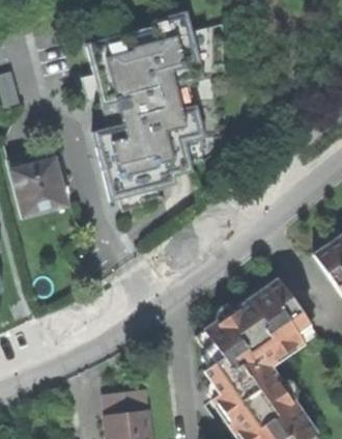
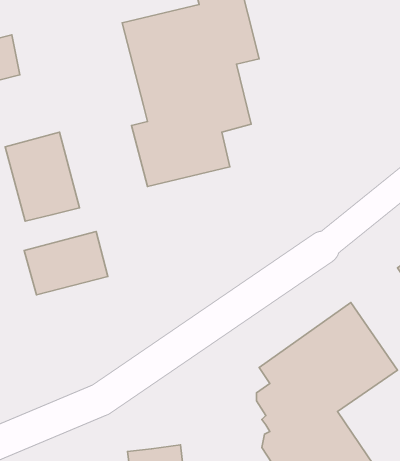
building: none -> [24,232,108,295]

